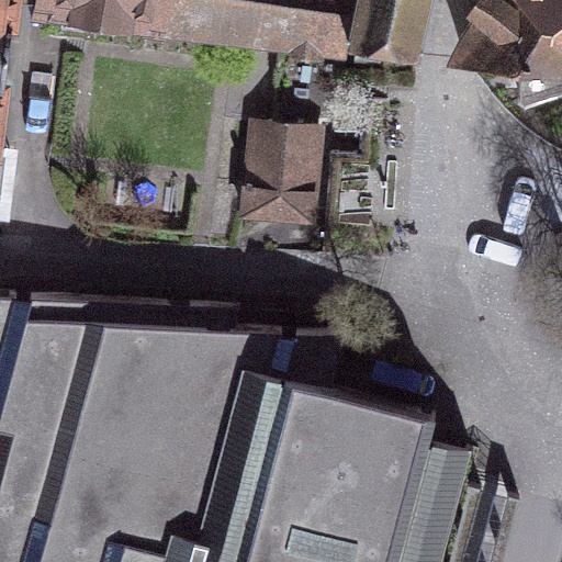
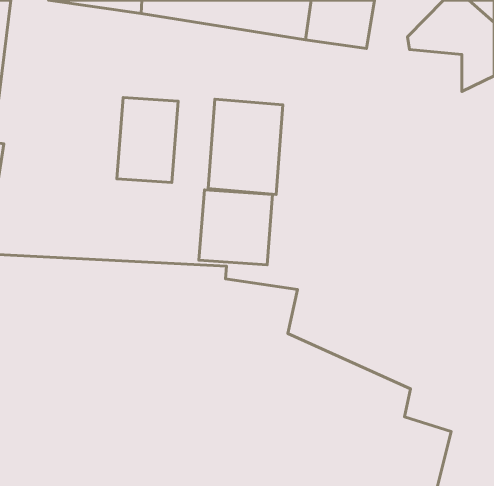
building: none -> [117,98,178,183]
building: none -> [199,190,273,265]

